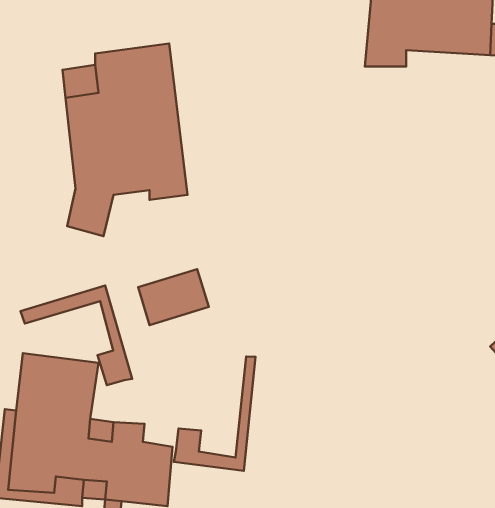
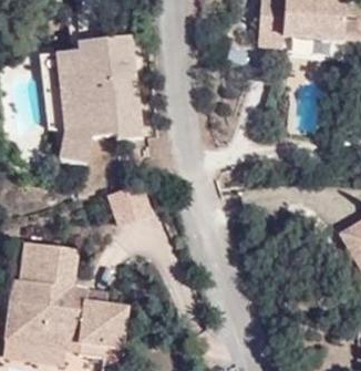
building: [21,285,132,385] -> none
building: [174,356,256,471] -> none

